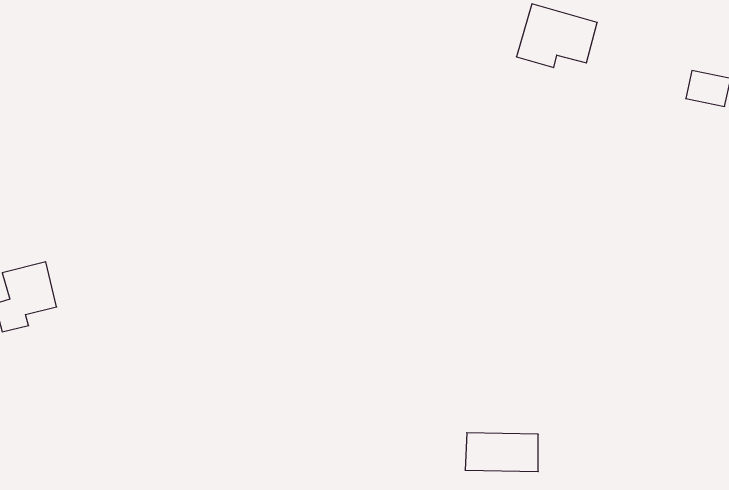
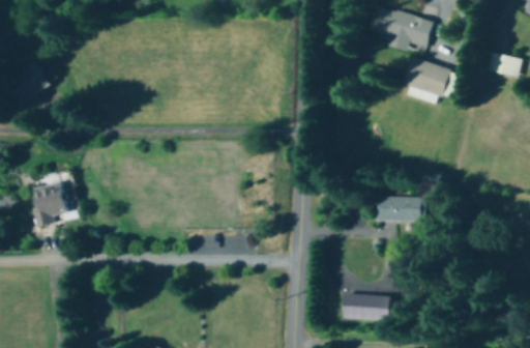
building: none -> [401,58,459,103]
building: none -> [378,196,425,222]

